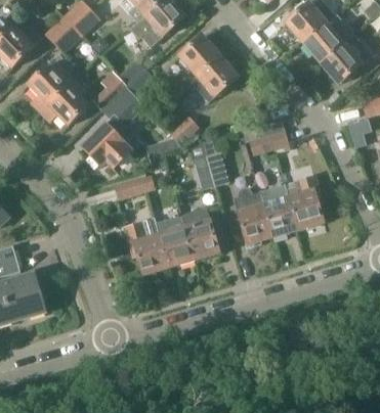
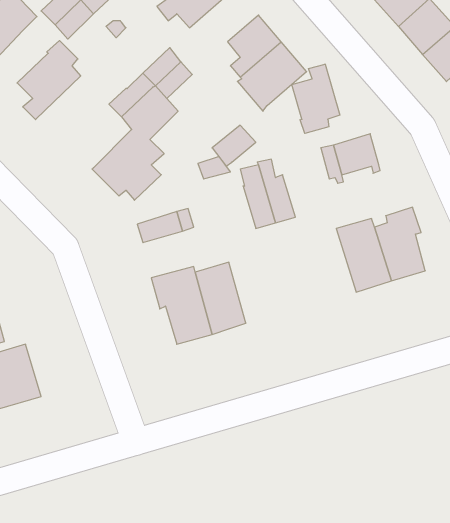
building: none -> [292,64,340,133]
building: [40,80,87,125] -> none
building: [234,188,272,243] -> none
building: [180,208,218,259] -> none

